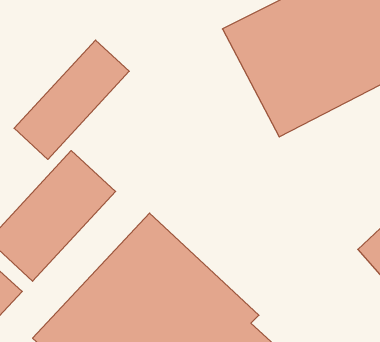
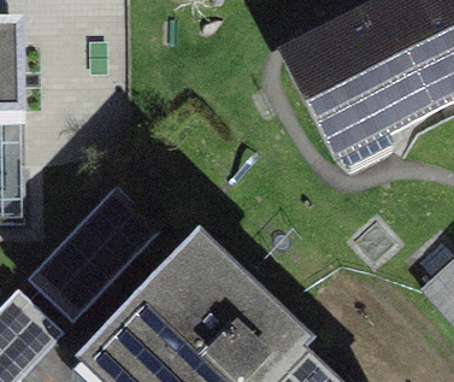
building: [14,40,129,159] -> none

